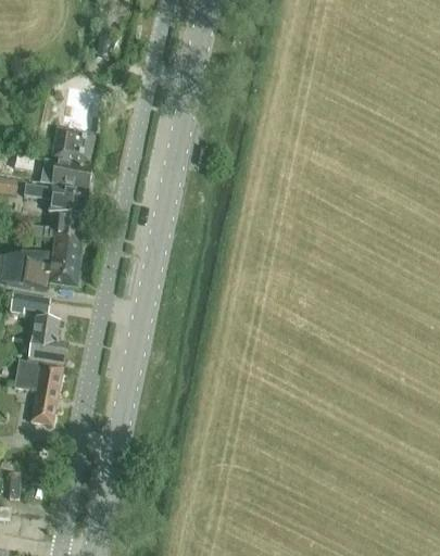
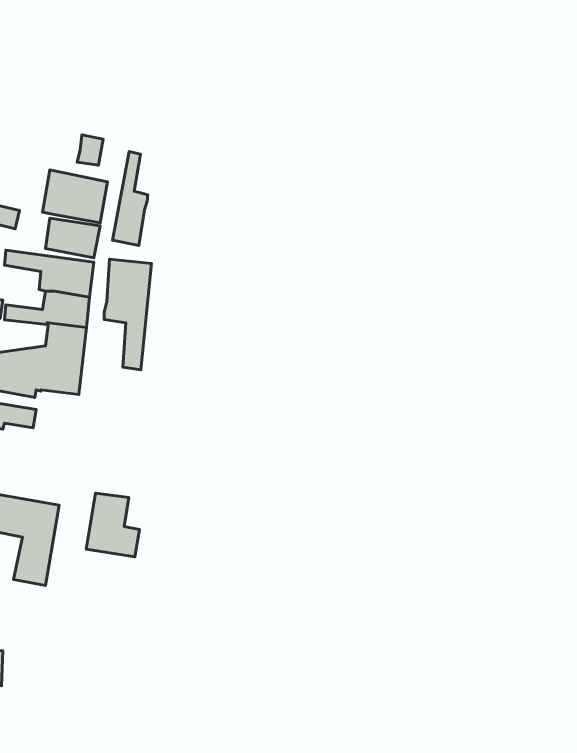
building: none -> [113,152,148,245]
building: none -> [104,259,151,370]
building: [28,316,66,362] -> [86,493,139,557]

